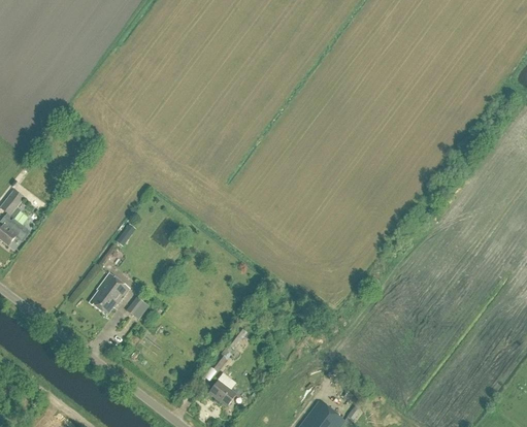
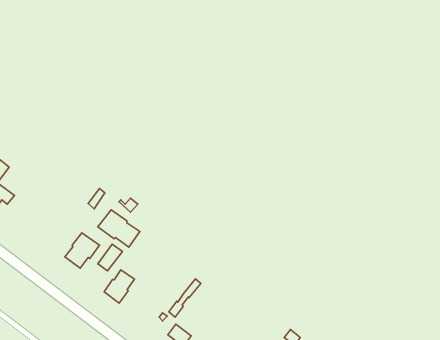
building: none -> [98,210,140,247]
building: none -> [104,270,134,303]

